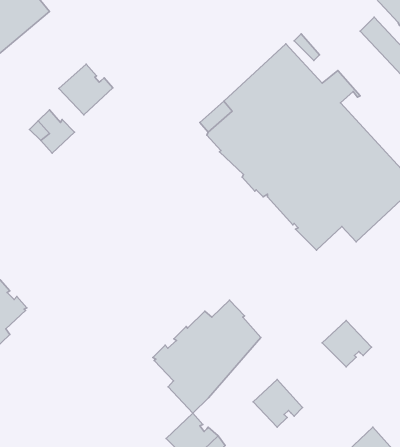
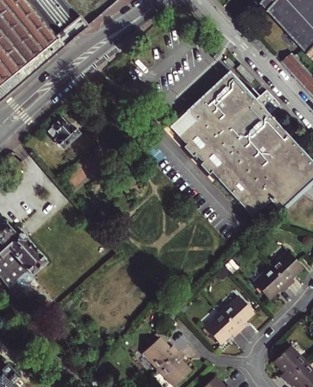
building: [59,64,113,115] -> none
building: none -> [272,251,306,286]
building: [153,300,261,413] -> none
building: none -> [223,293,257,329]

